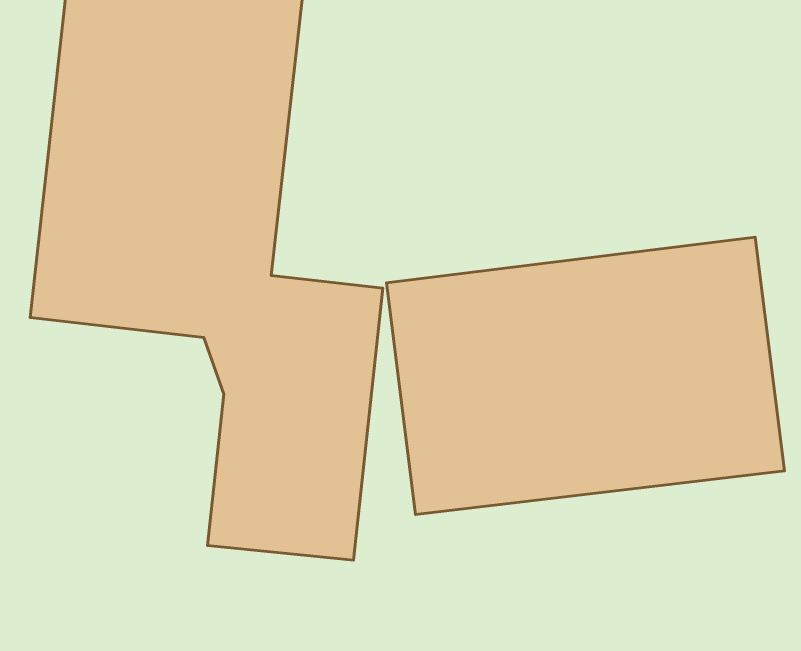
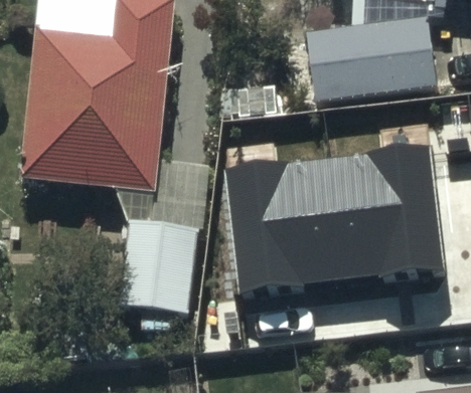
building: none -> [302,16,430,99]

